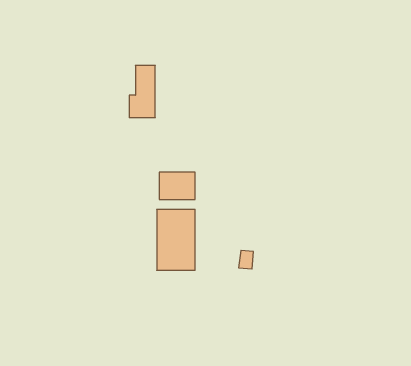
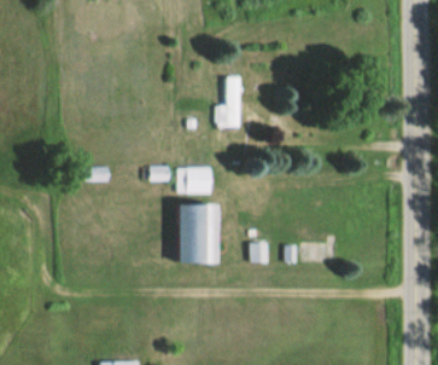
building: [129,65,155,118] -> [212,77,238,128]

